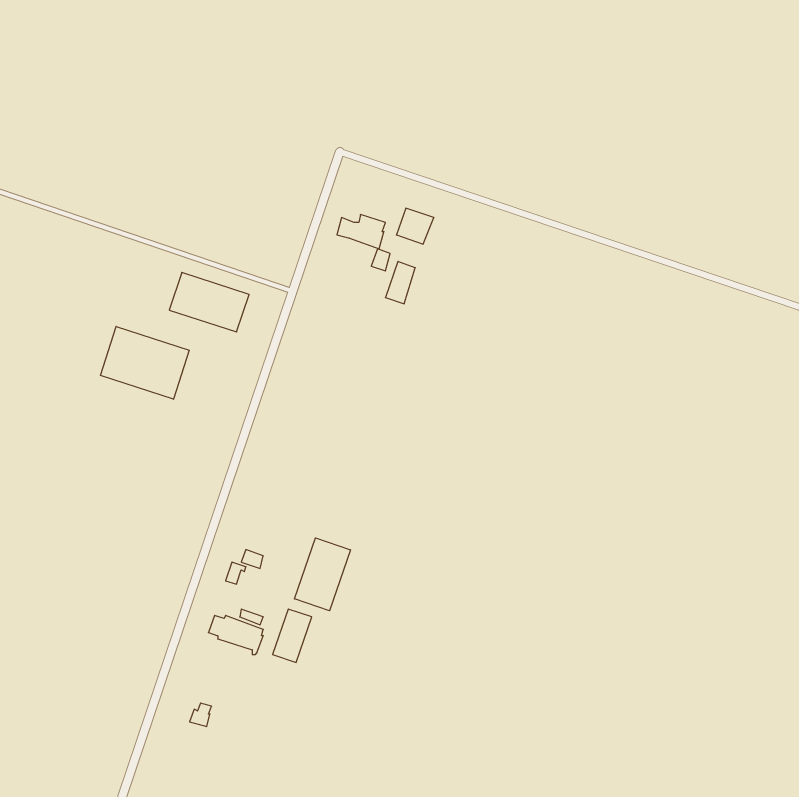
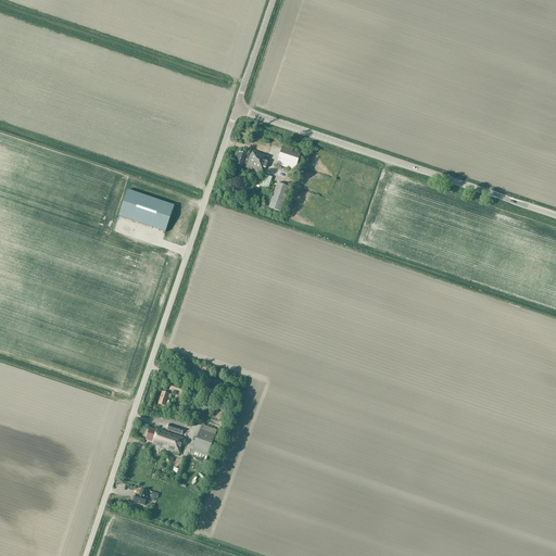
building: [100,326,189,399] -> none
building: [294,538,350,611] -> none

